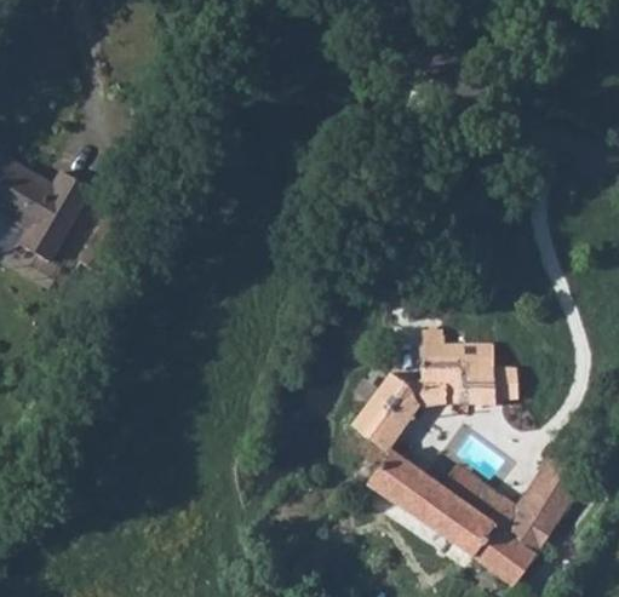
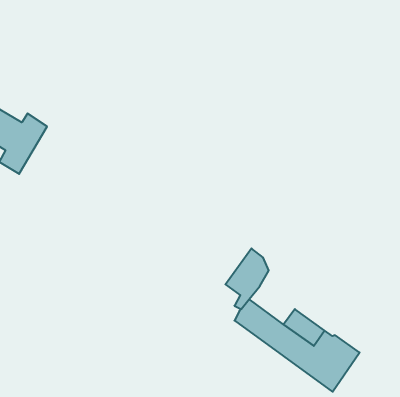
building: [419,326,517,406] -> none
building: [516,455,588,528] -> none

